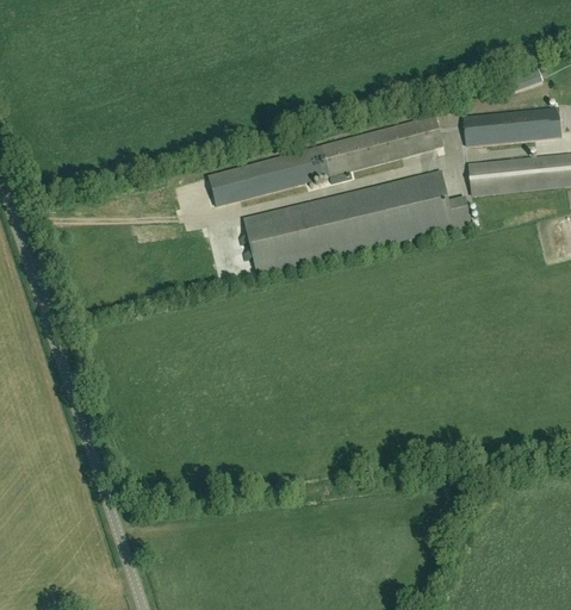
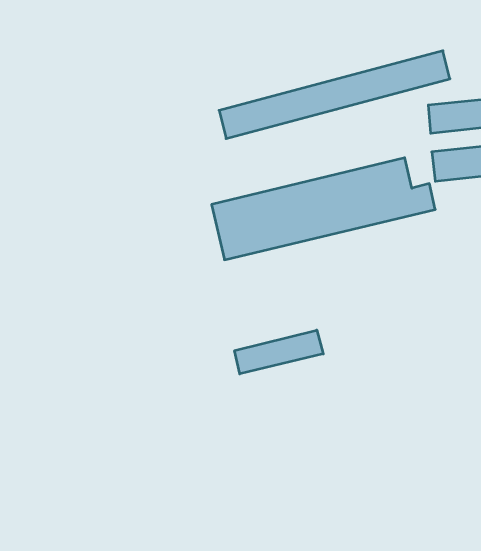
building: [207,116,442,205] -> [219,51,450,139]
building: none -> [235,330,323,374]

